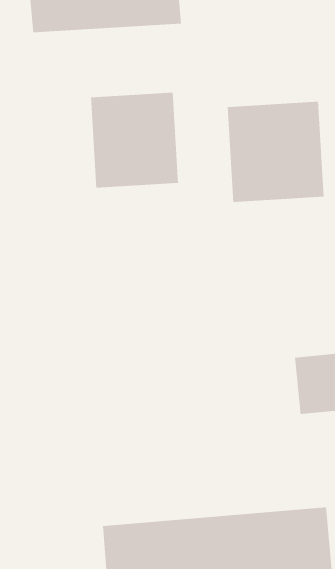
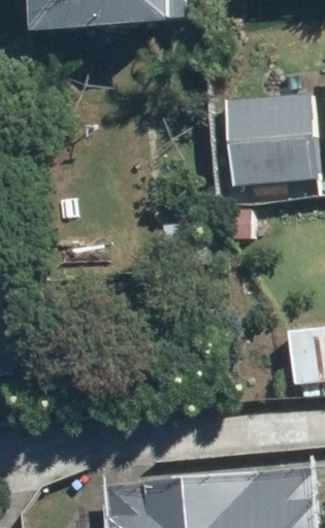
building: [91,92,179,188] -> none

